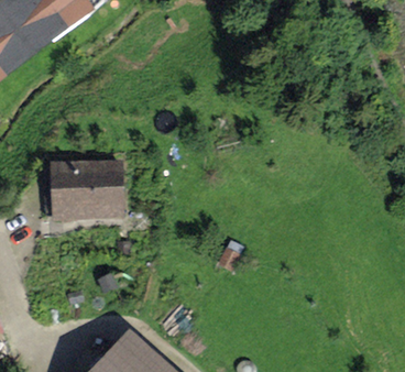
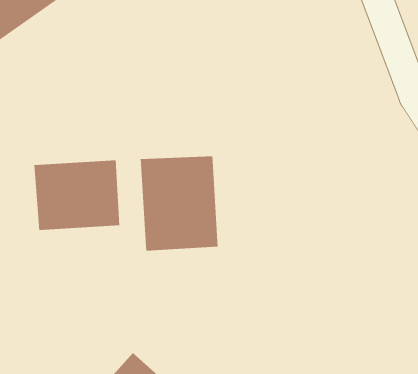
building: none -> [140,155,218,252]

